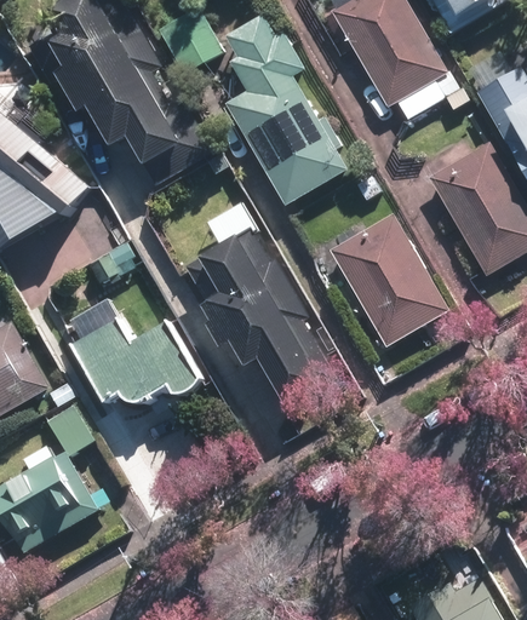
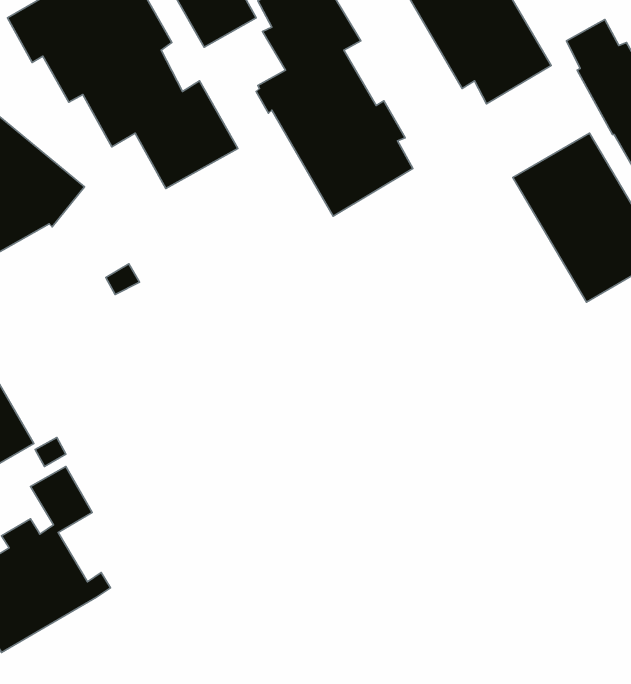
building: [328,212,448,346] -> none
building: [184,232,334,408] -> none
building: [69,318,199,406] -> none

